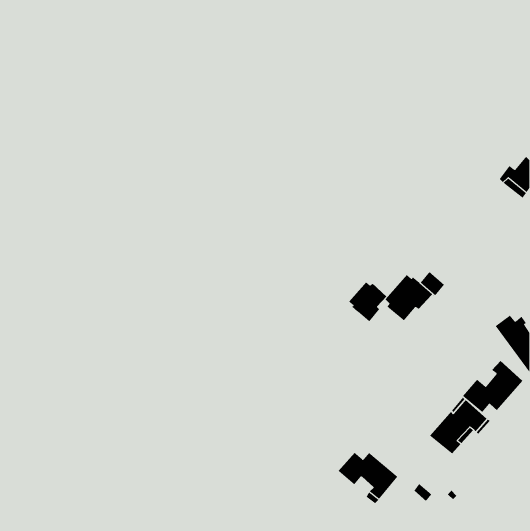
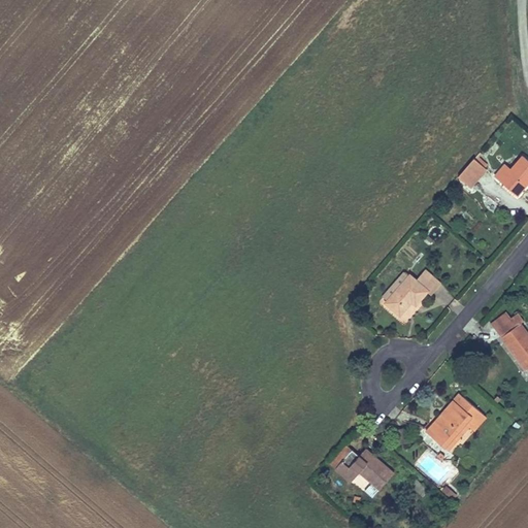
building: none -> [459,159,488,188]
building: [349,282,387,324] -> none
building: [462,360,523,413] -> none

